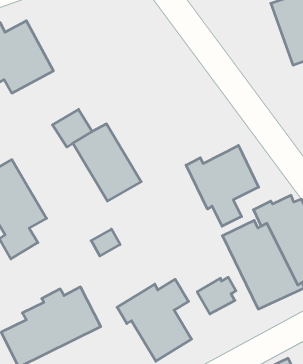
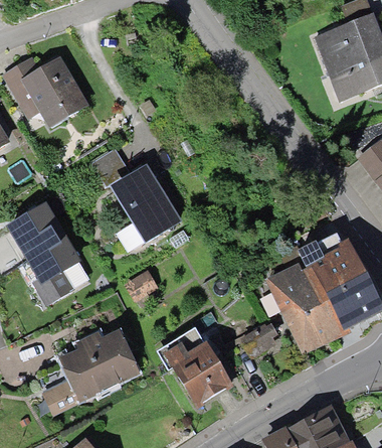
building: [186,145,259,226] -> none

